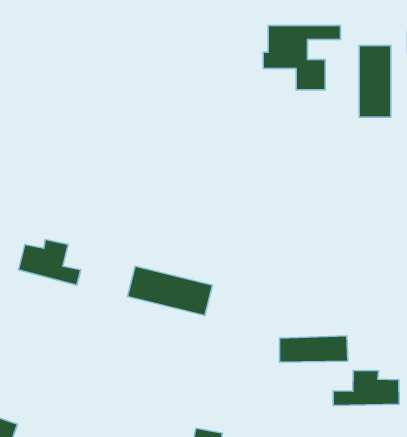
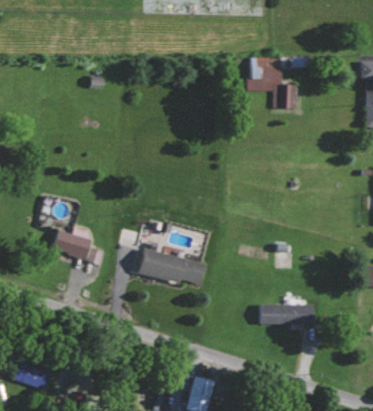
building: [359,45,391,117] -> none
building: [333,371,399,406] -> none

